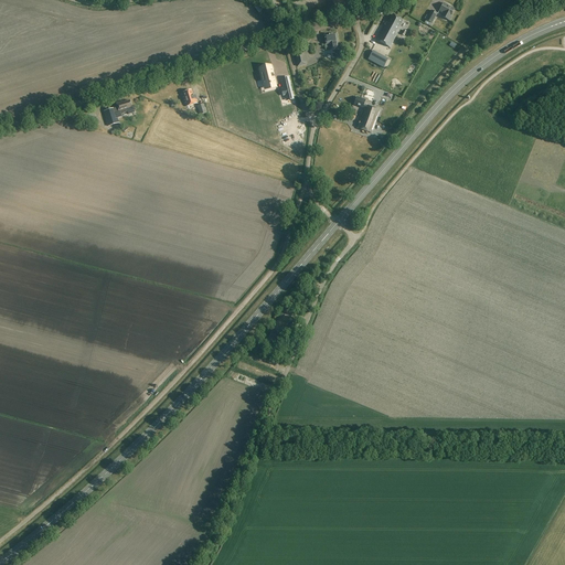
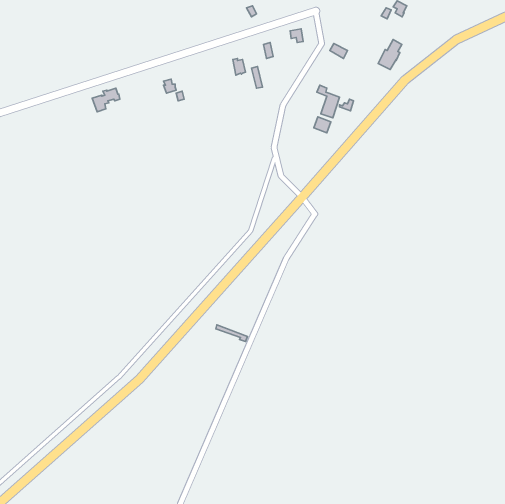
building: [375,12,402,45] -> [378,40,402,69]

